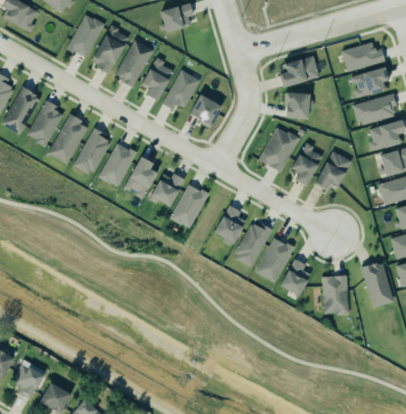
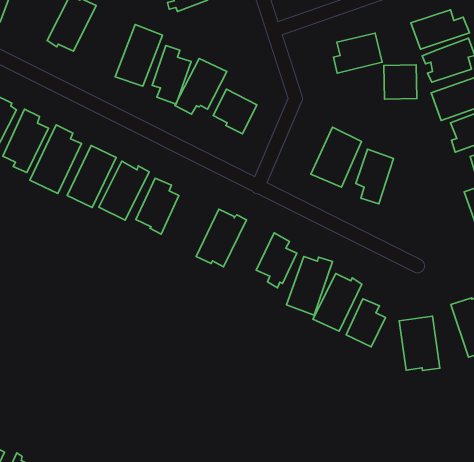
building: [91,27,130,73] -> none
building: [286,93,311,119] -> [384,65,417,99]
building: [315,151,352,194] -> none
building: [149,172,184,205] -> none

